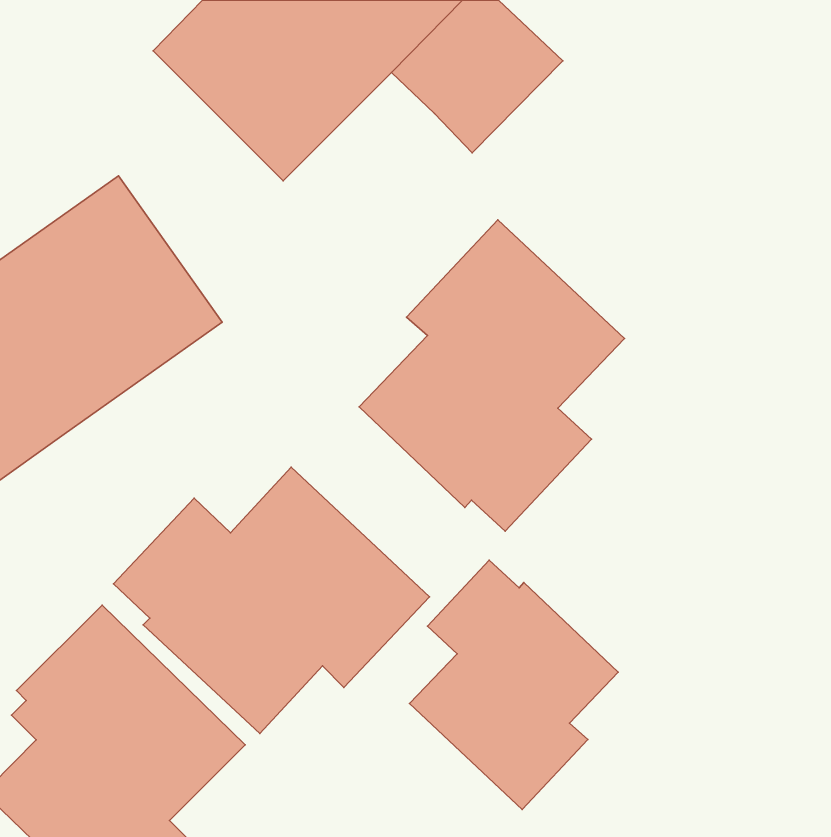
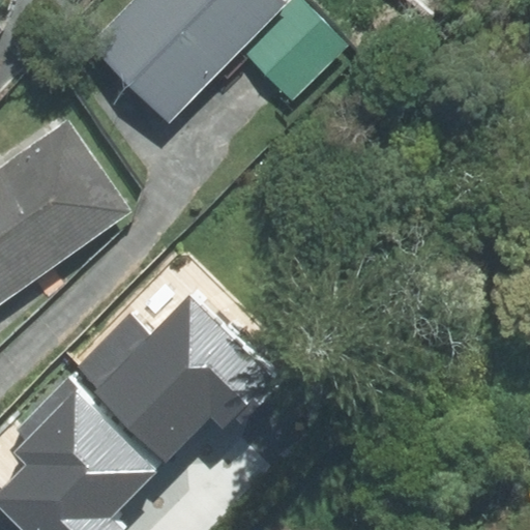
building: [359,220,624,531] -> none
building: [410,560,618,810] -> none

